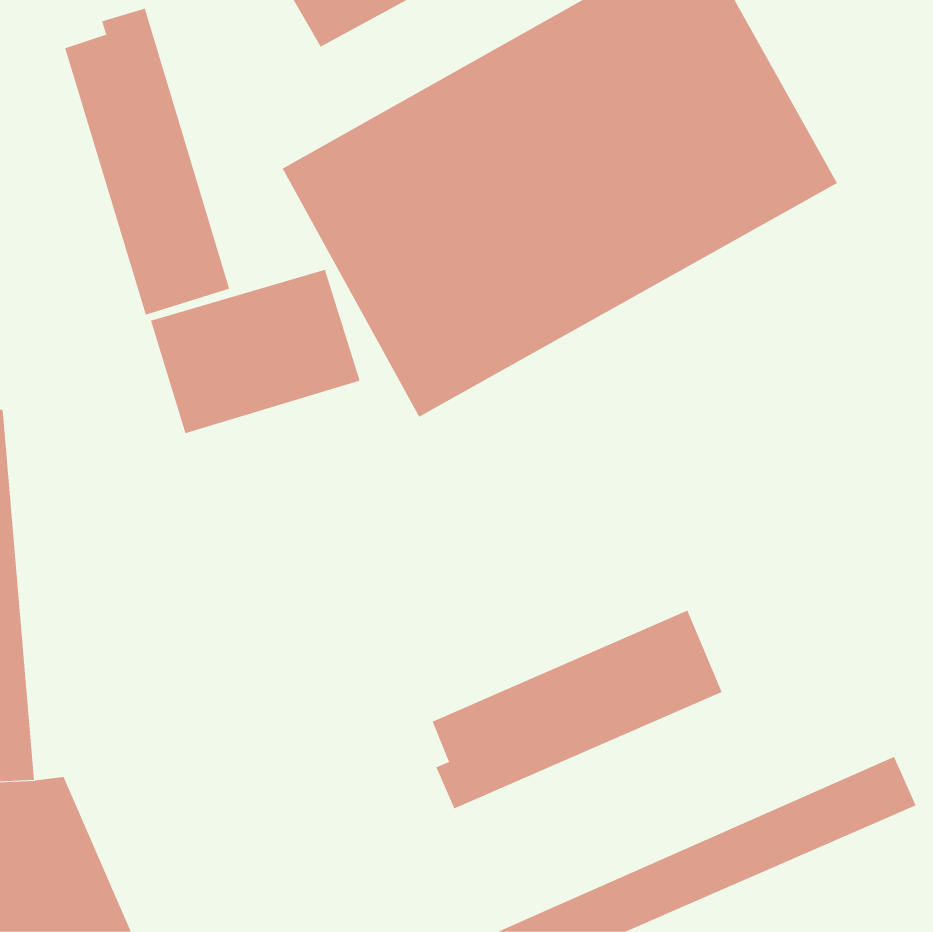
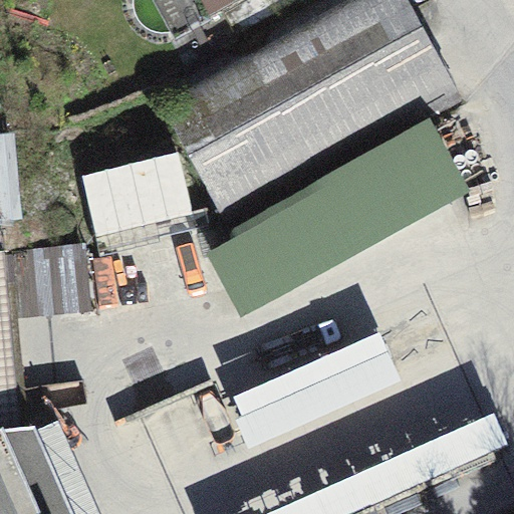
building: [65,8,230,316] -> none
building: none -> [207,131,468,319]
building: none -> [11,247,91,310]

